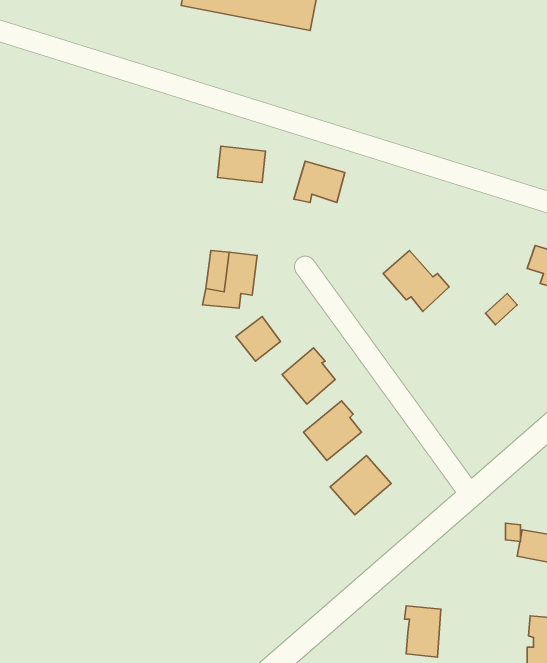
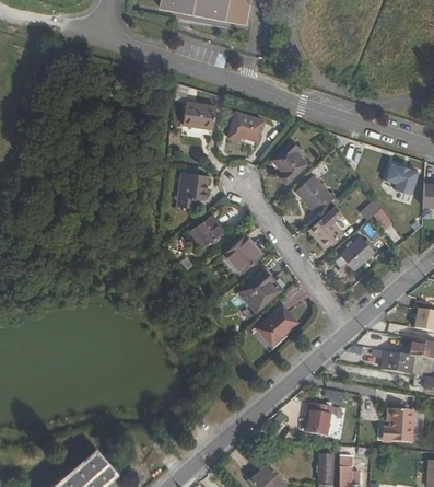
building: none -> [270,136,305,178]
building: none -> [308,212,342,246]
building: none -> [339,234,374,267]

